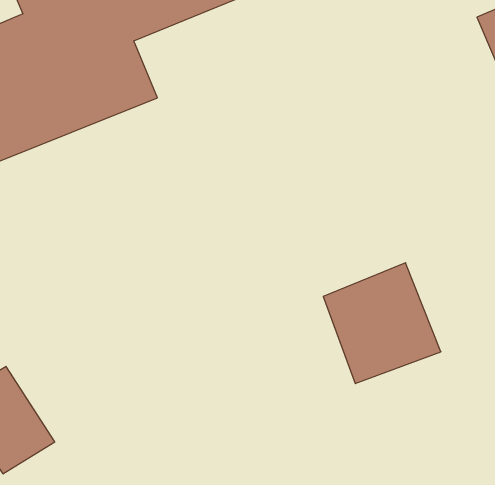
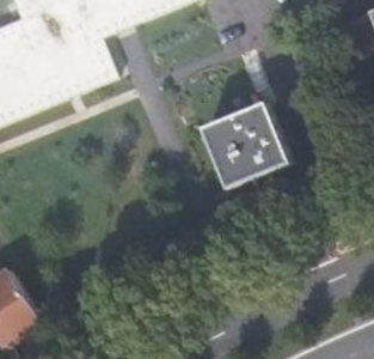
building: [323,263,441,384] -> [209,101,293,187]

